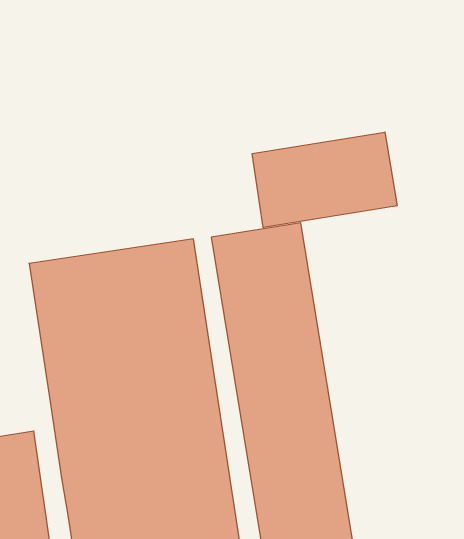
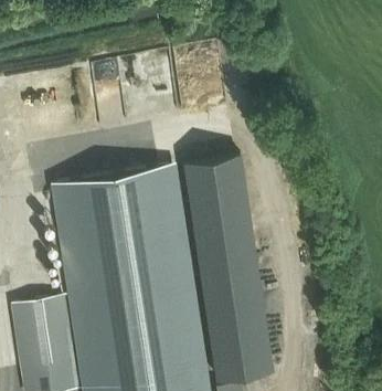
building: [252,132,397,228] -> none

